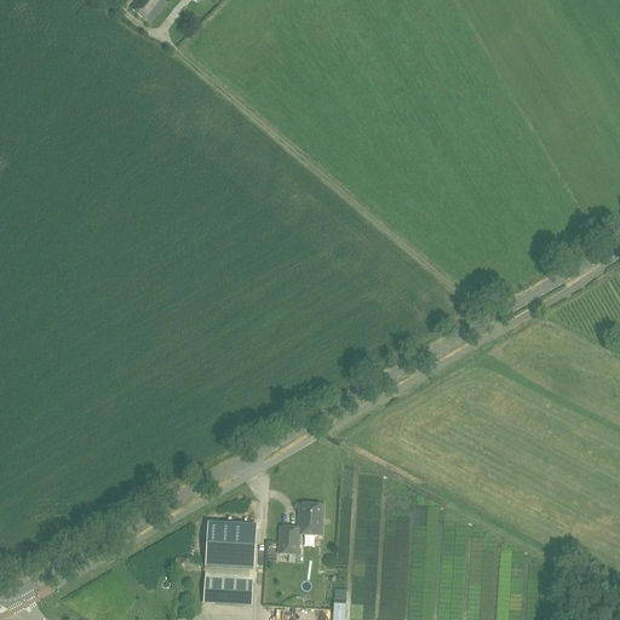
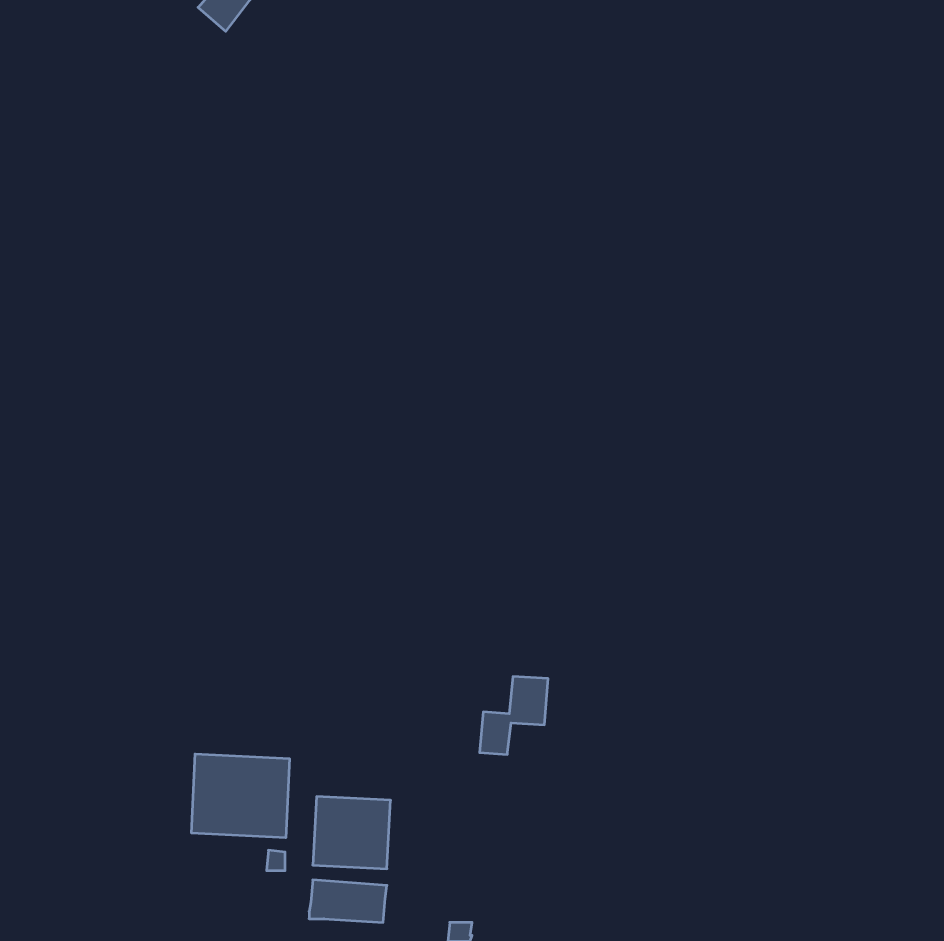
building: none -> [192,754,289,838]
building: [277,501,322,552] -> [480,677,548,754]

